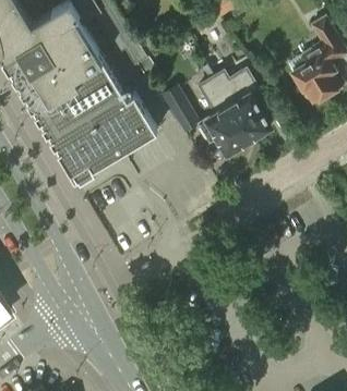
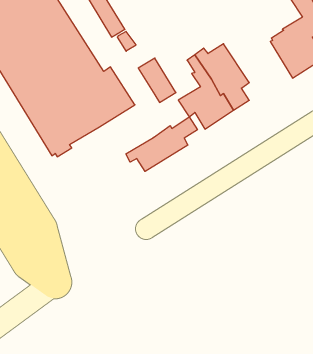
building: none -> [126,117,197,171]

